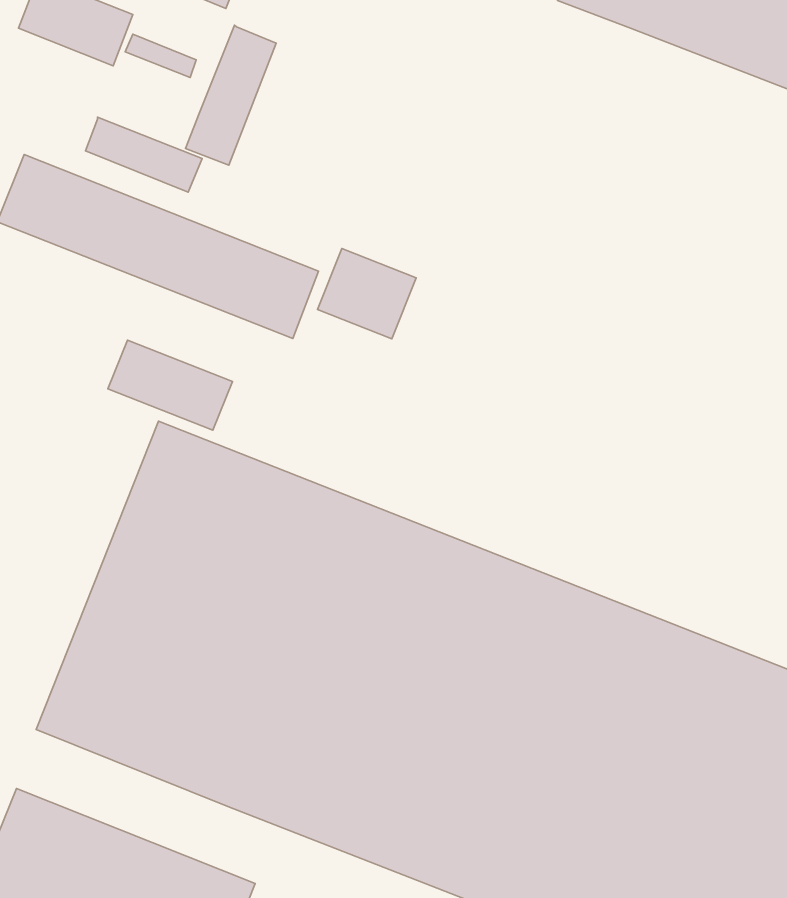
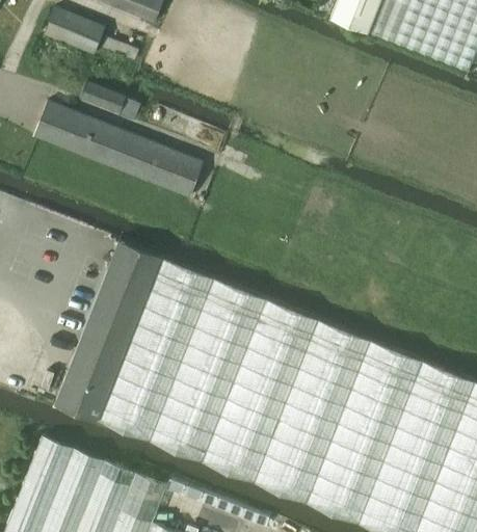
building: [185,25,276,165] -> none
building: [318,249,416,339] -> none
building: [108,340,233,430] -> none

